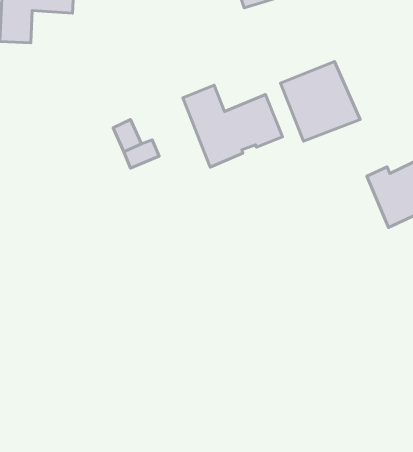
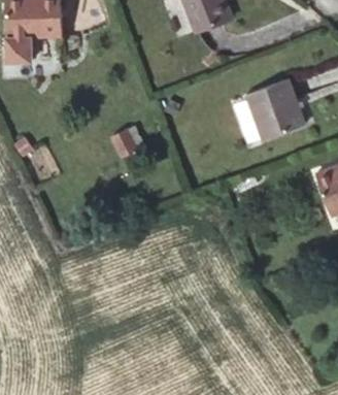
building: [183,85,282,167] -> none

